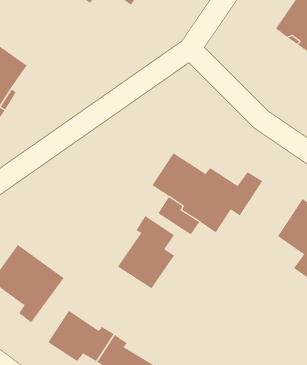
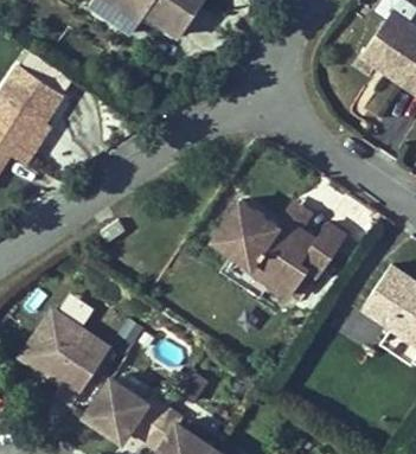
building: [117,215,175,289] -> none

